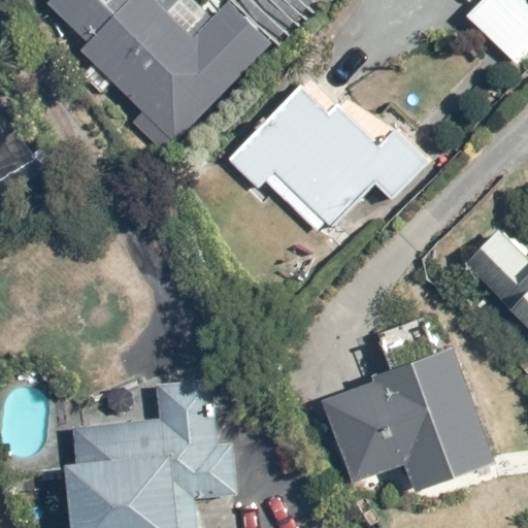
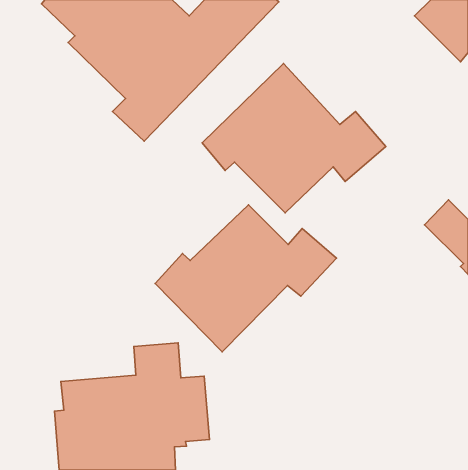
building: none -> [155,205,337,352]
building: [323,323,495,499] -> none

